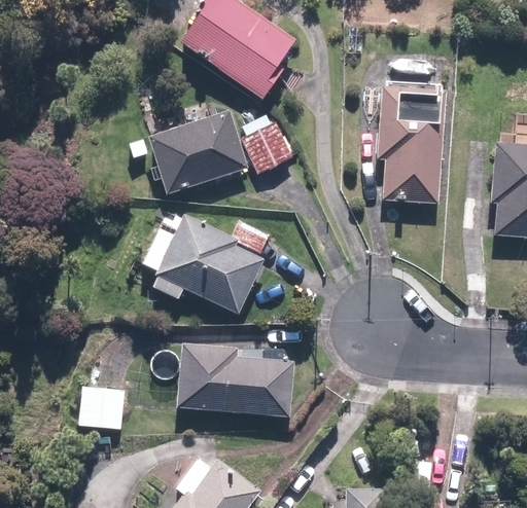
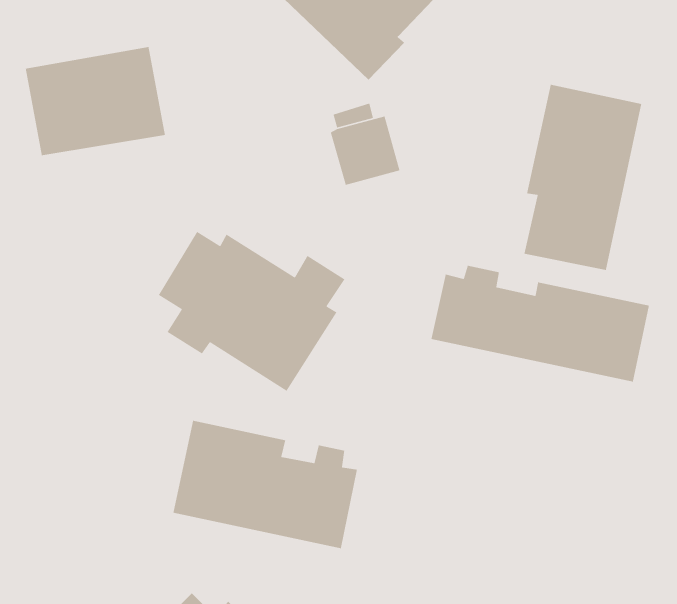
building: [149,111,249,194] -> [25,46,166,156]
building: none -> [431,265,650,382]
building: [78,386,126,430] -> none

